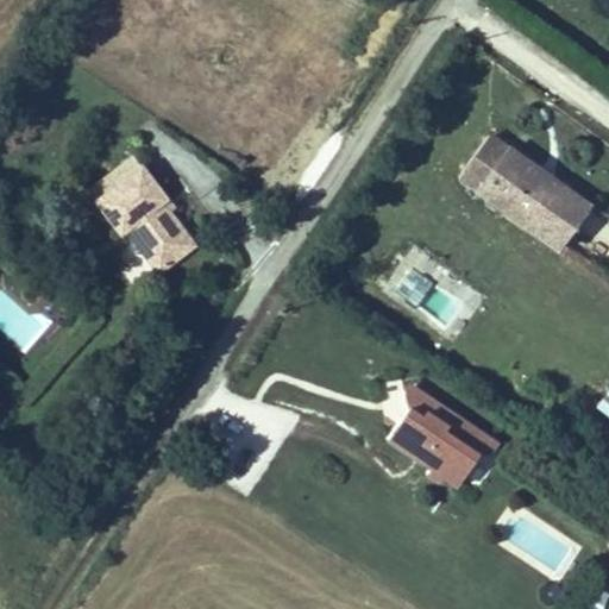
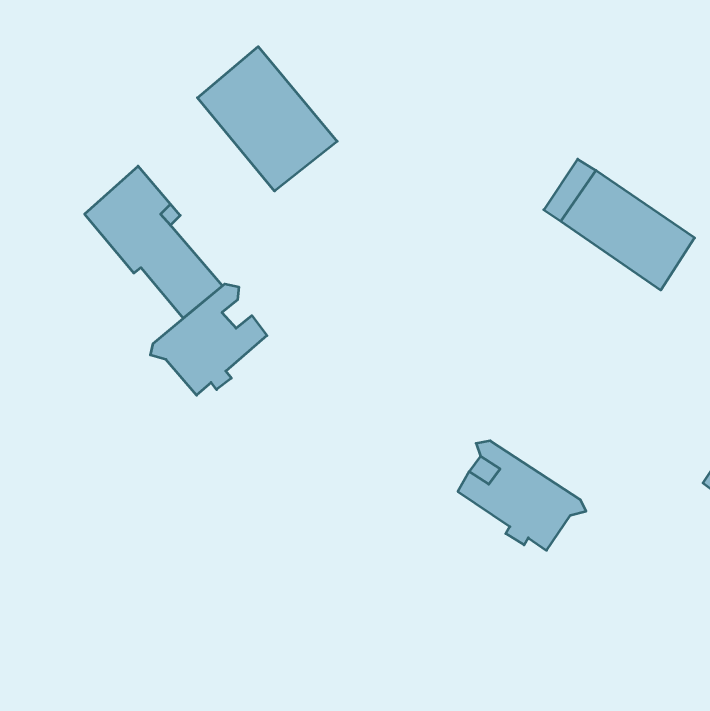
building: none -> [197,47,337,191]
building: none -> [150,284,267,395]

